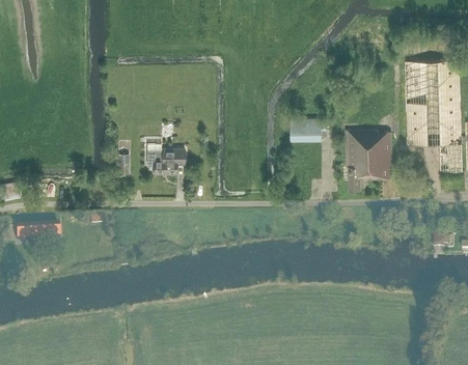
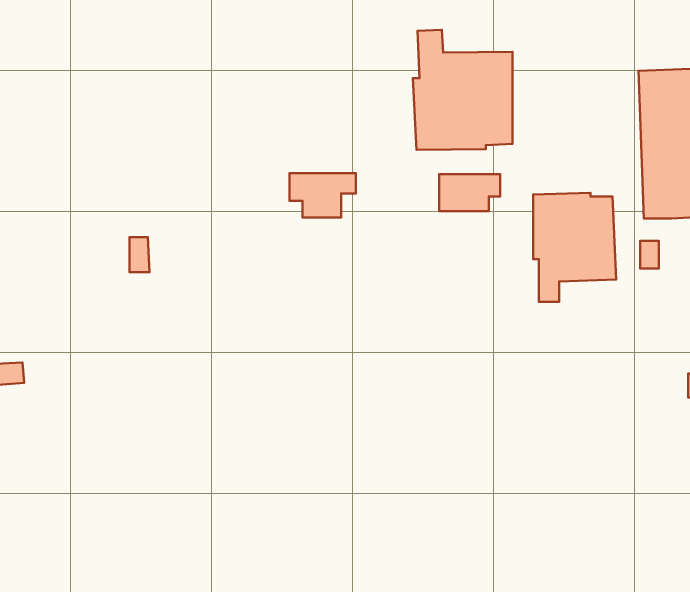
building: none -> [413,30,513,150]
building: [147,147,185,172] -> [290,173,356,217]

